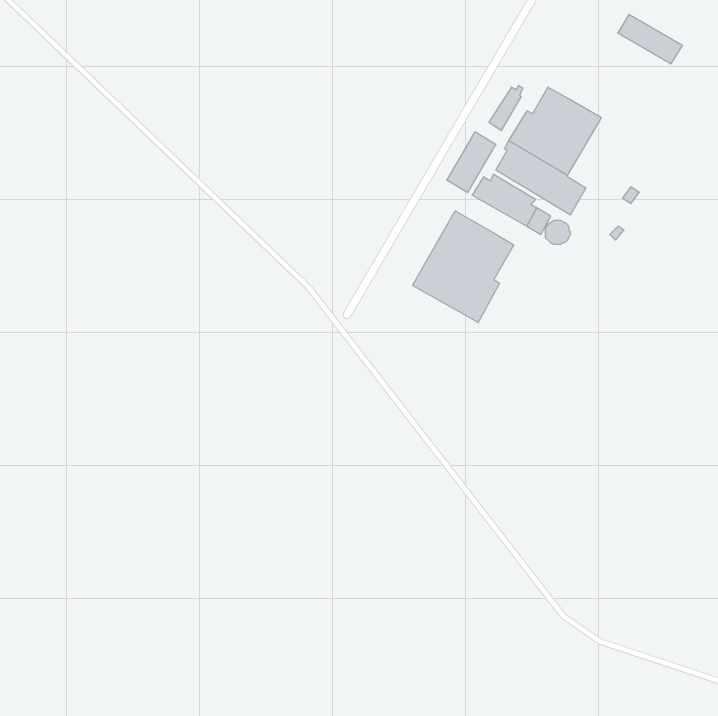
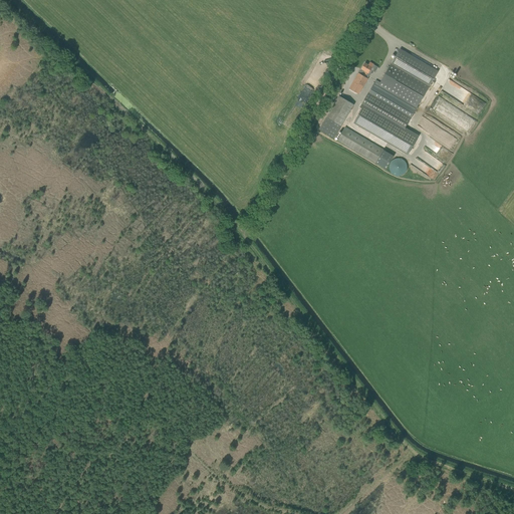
building: [618,15,682,64] -> [392,49,438,84]
building: [413,211,514,323] -> none

